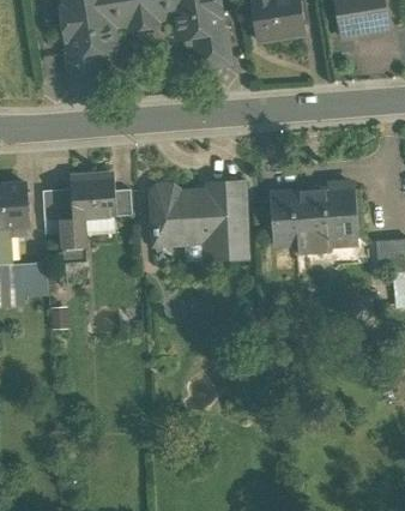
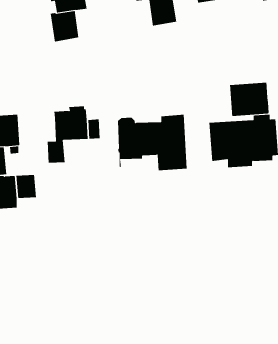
building: none -> [229,82,269,117]
building: [43,188,73,220] -> none

